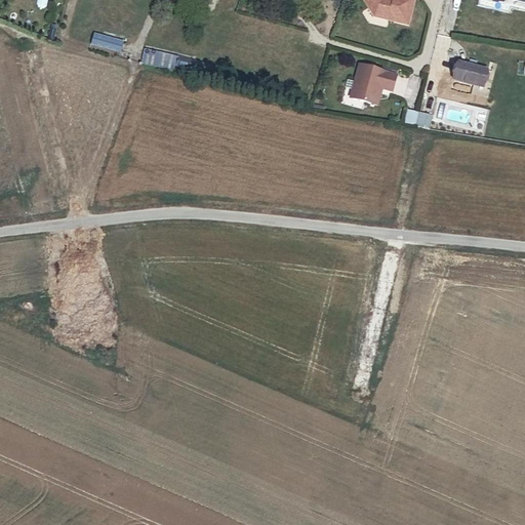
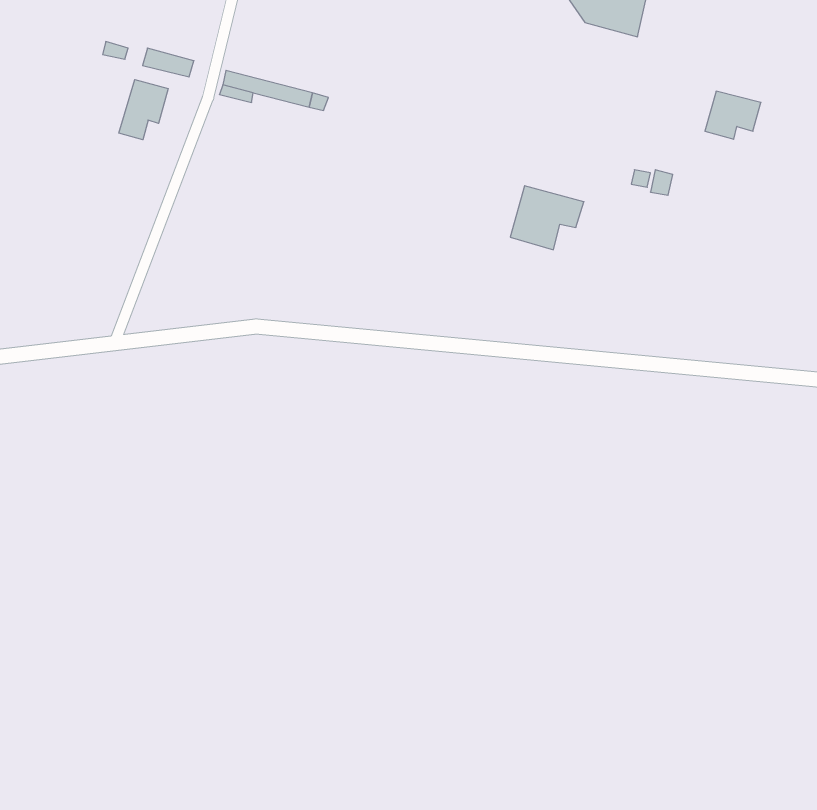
building: none -> [119,80,168,140]
building: [350,63,397,104] -> [510,186,584,250]

